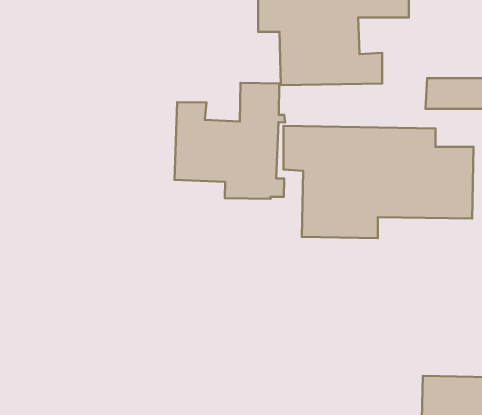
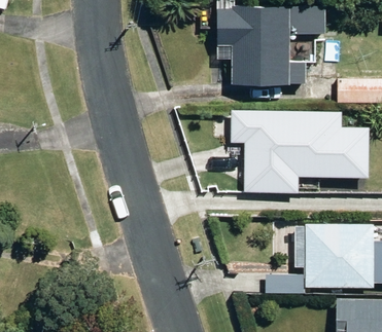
building: [174,83,285,199] -> none
building: none -> [296,224,373,288]

